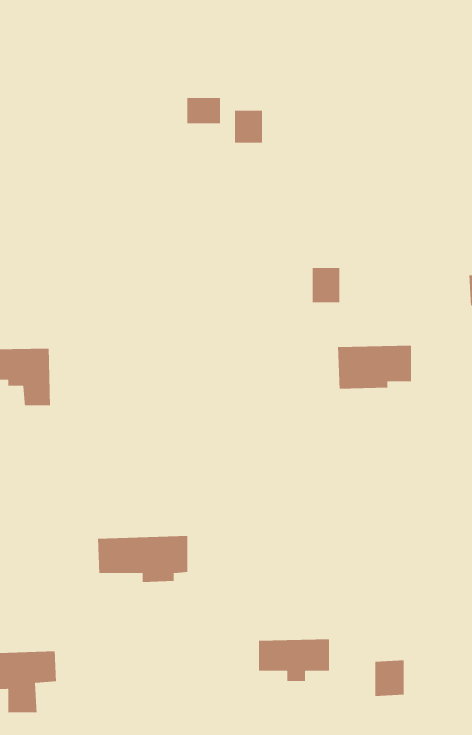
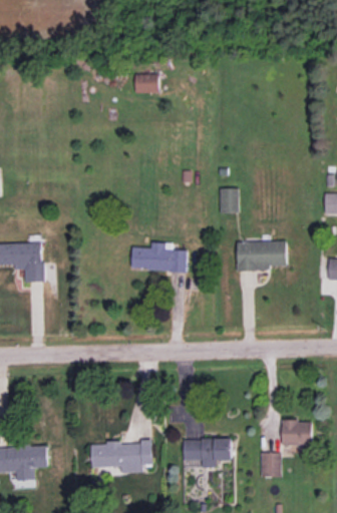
building: [234,110,263,144] -> none
building: none -> [130,241,187,272]
building: [97,535,188,583] -> [90,441,151,473]
building: none -> [281,420,312,445]

